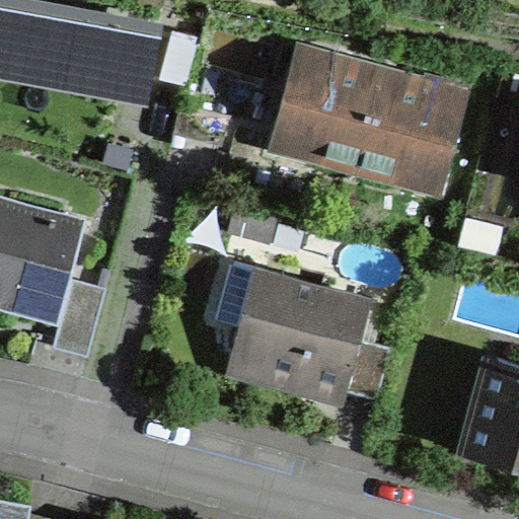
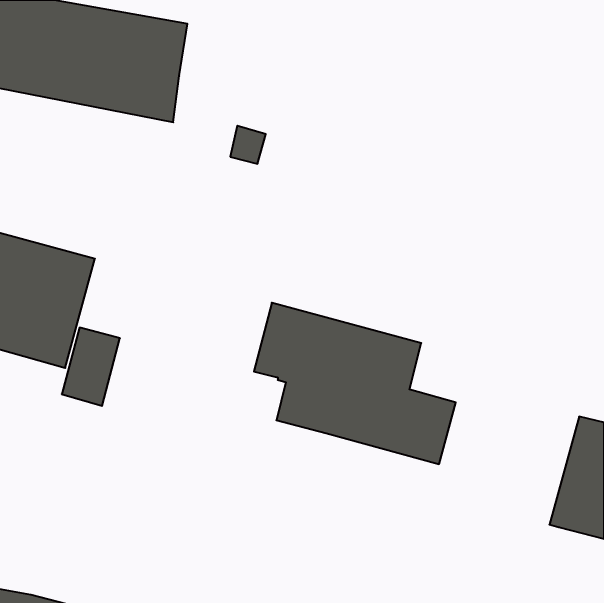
building: [281,60,461,179] -> none

